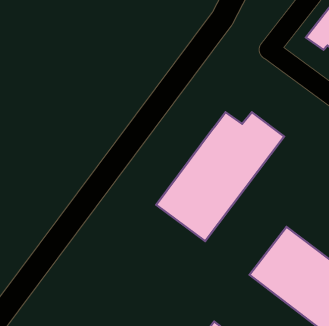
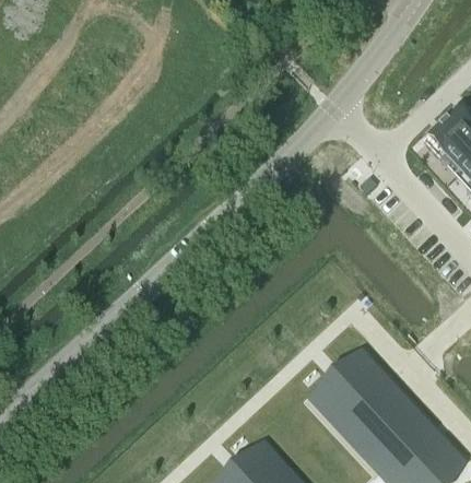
building: [156,112,284,241] -> none

